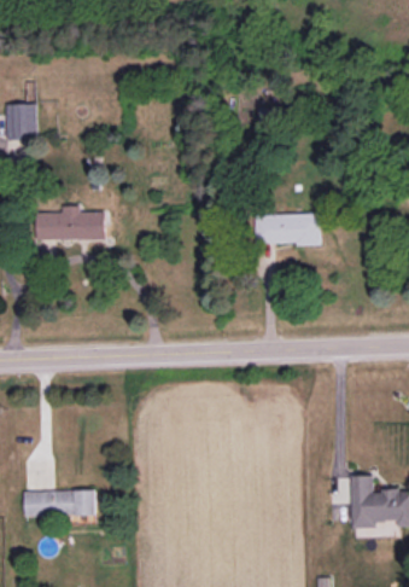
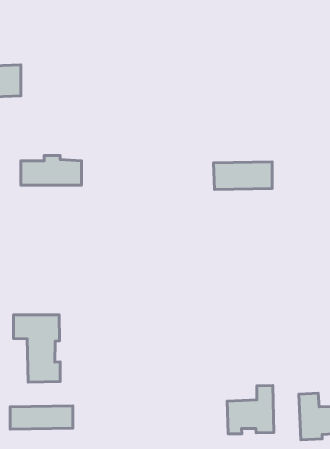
building: none -> [13,315,60,382]
building: none -> [227,386,274,434]

